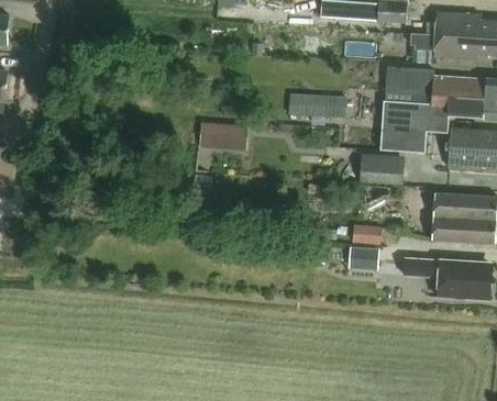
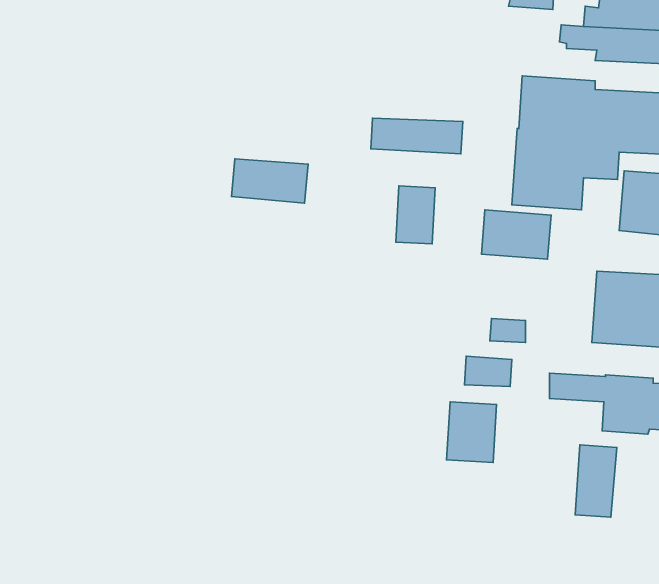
building: none -> [396,186,435,244]
building: none -> [447,402,496,462]
building: none -> [575,445,617,517]

